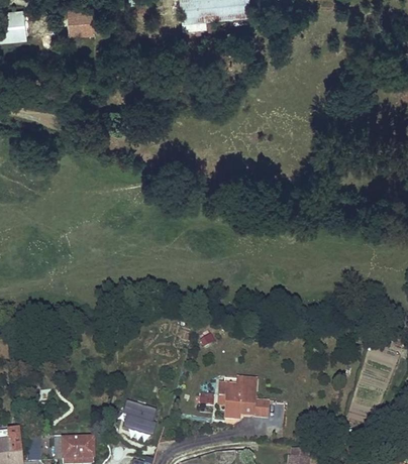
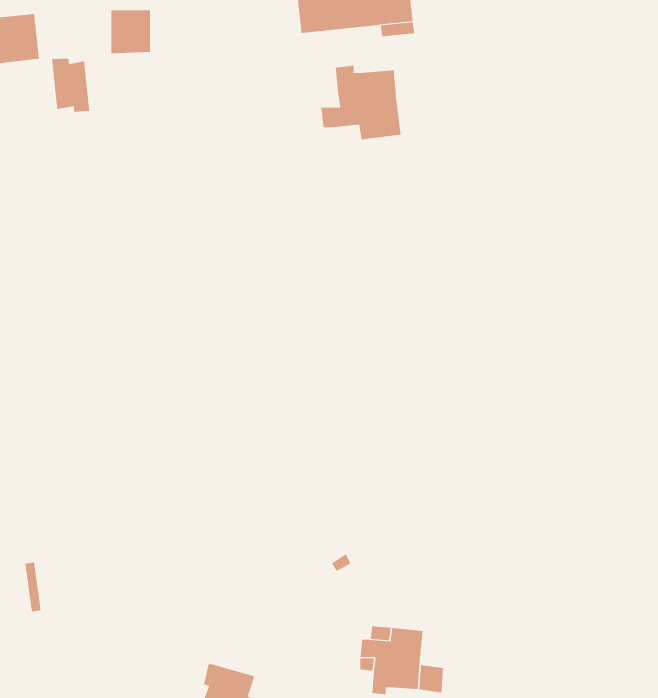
building: none -> [51,58,90,112]
building: none -> [321,65,401,140]

